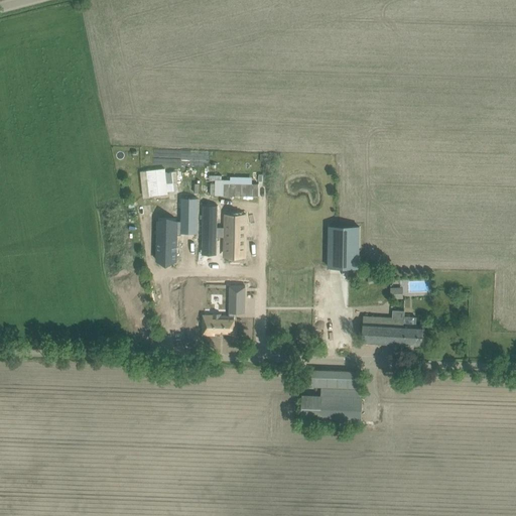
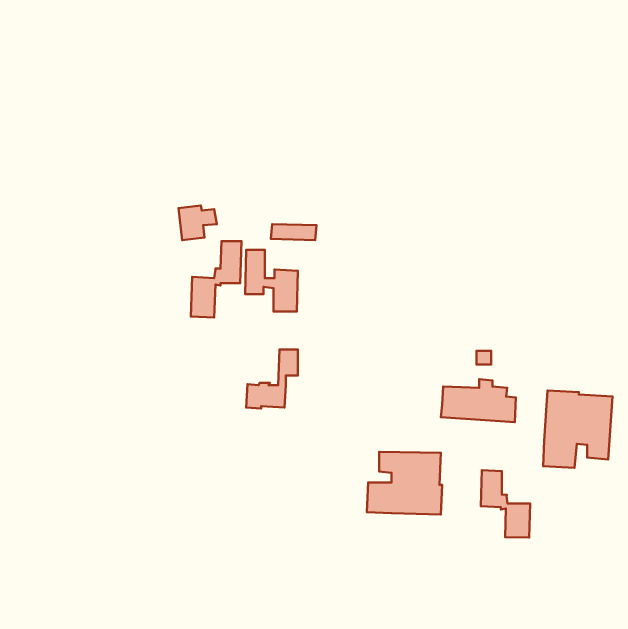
building: [328,227,359,267] -> none
building: none -> [543,391,613,468]
building: none -> [481,470,530,537]

